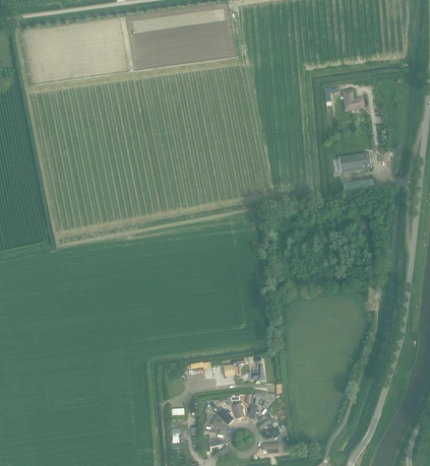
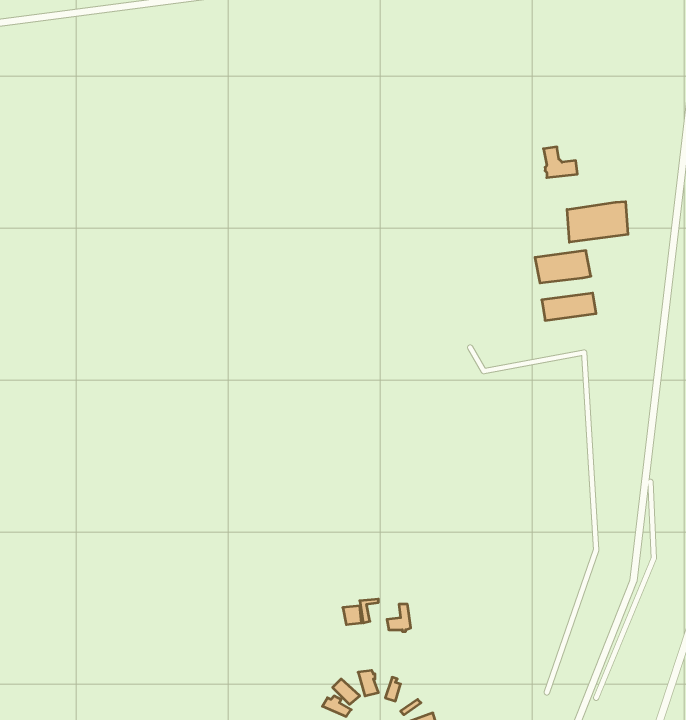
building: none -> [567,202,628,242]

